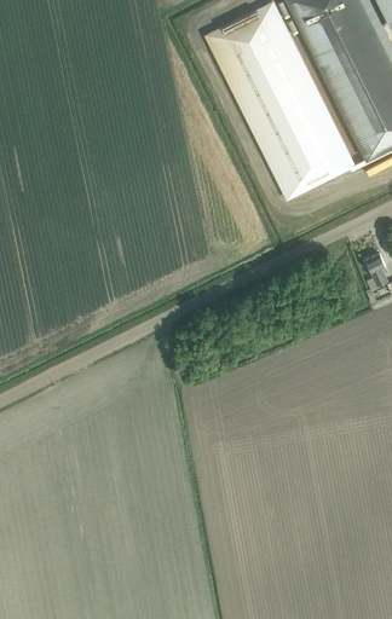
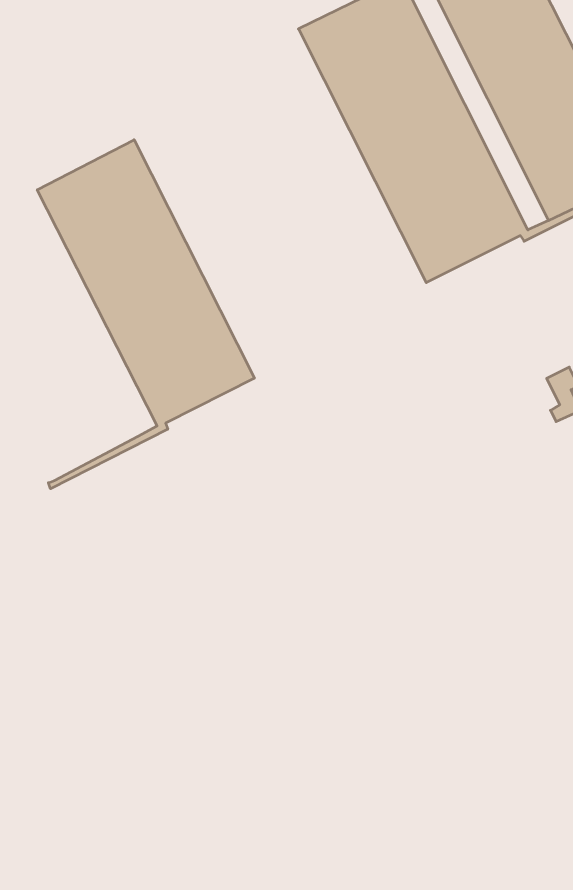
building: none -> [37,140,254,489]

